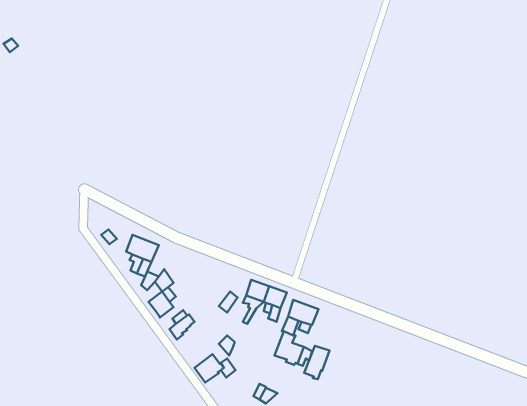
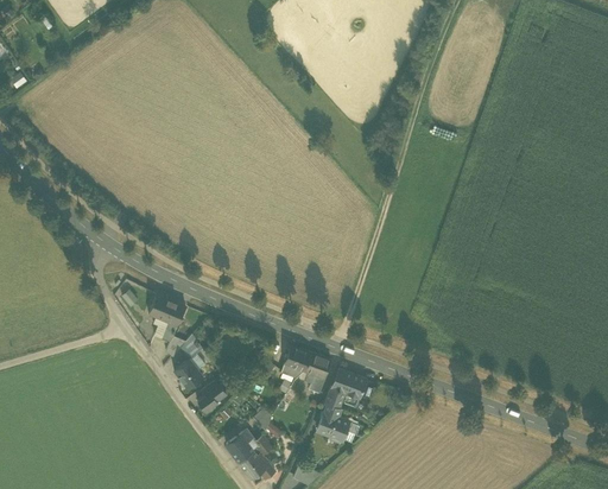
building: [304,346,329,379] -> none
building: none -> [238,450,274,478]

